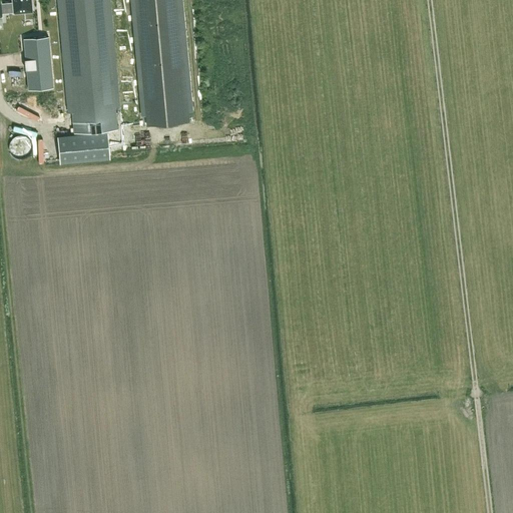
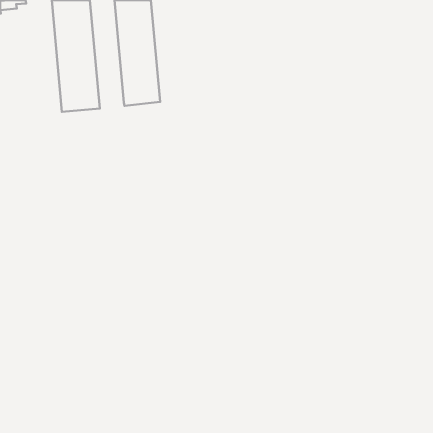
building: [23,36,53,89] -> none
building: [57,131,109,163] -> none

